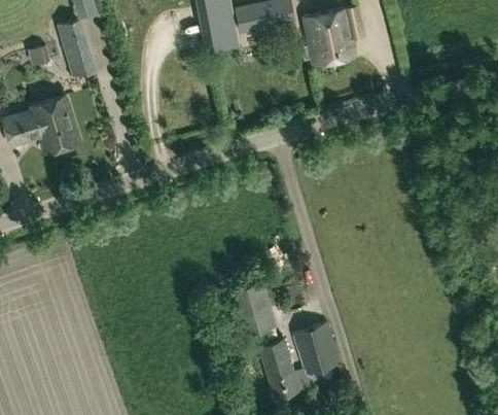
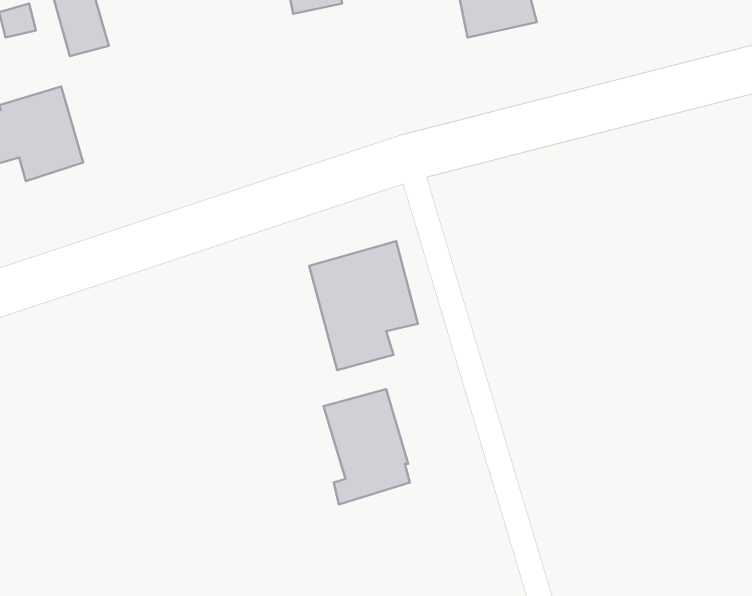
building: none -> [309,241,418,370]
building: [260,323,341,399] -> none

